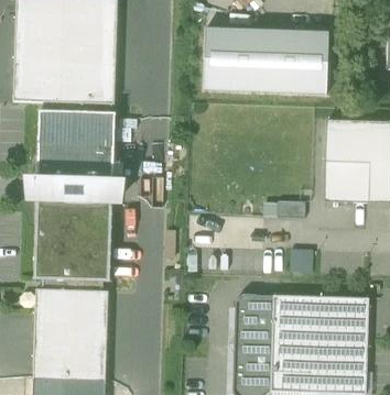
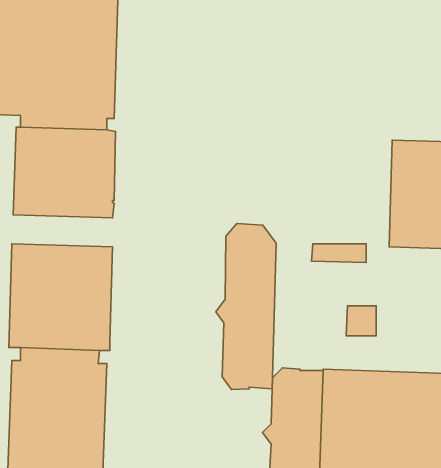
building: [203,28,328,92] -> none
building: [33,177,116,201] -> none
building: none -> [216,224,276,389]

